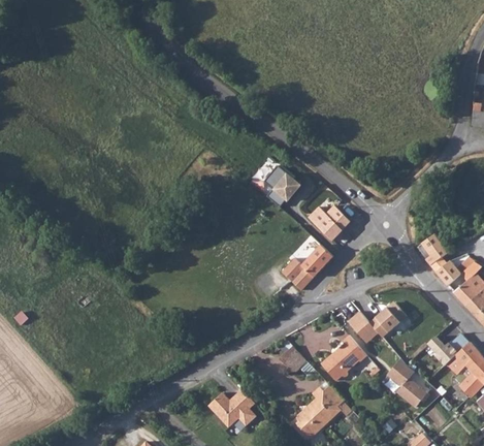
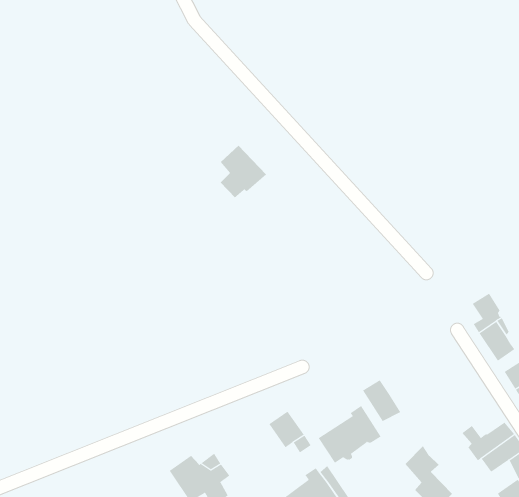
building: [264,165,301,206] -> [220,145,267,198]
building: [309,203,350,238] -> none
building: [281,244,332,290] -> none
building: [368,302,406,338] -> none

